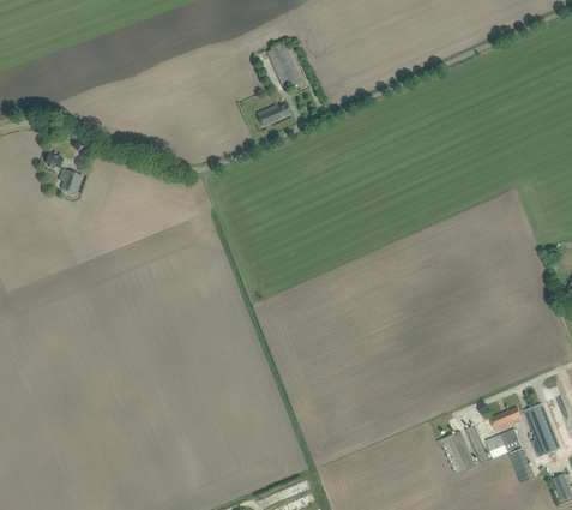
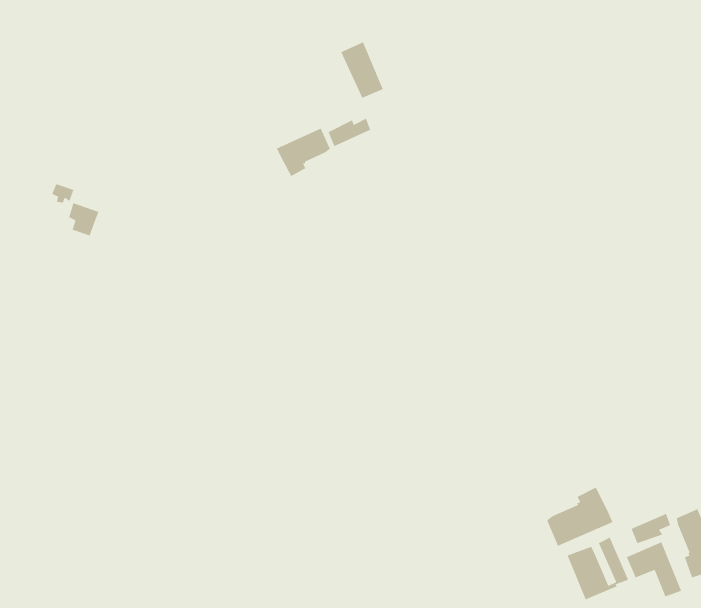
building: none -> [276,128,331,177]
building: none -> [546,486,614,547]

